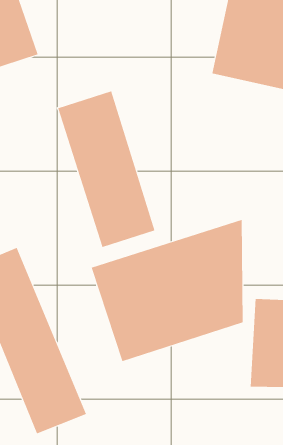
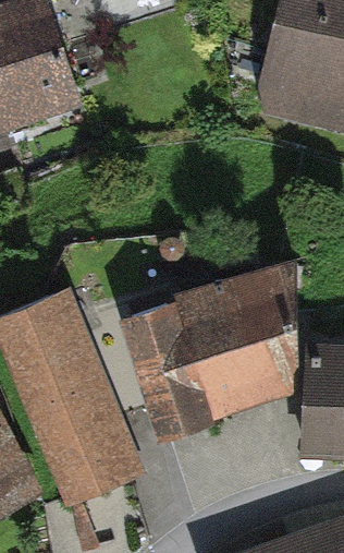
building: [58,90,155,248] -> none

